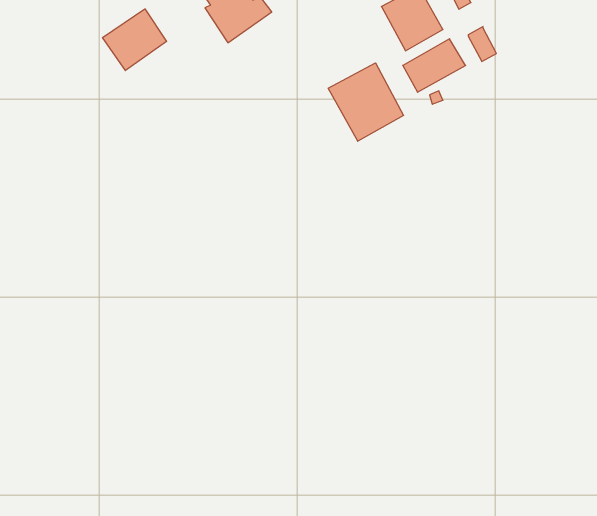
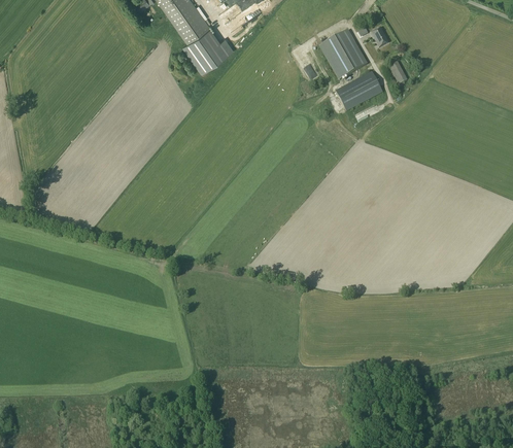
building: [103,9,167,71] -> none
building: [328,63,404,141] -> none

